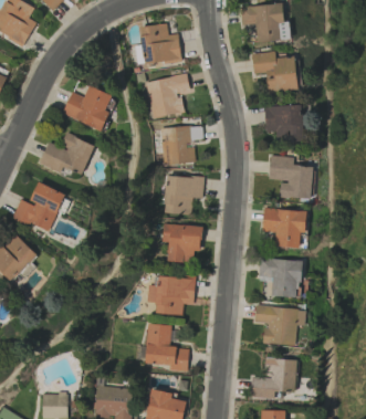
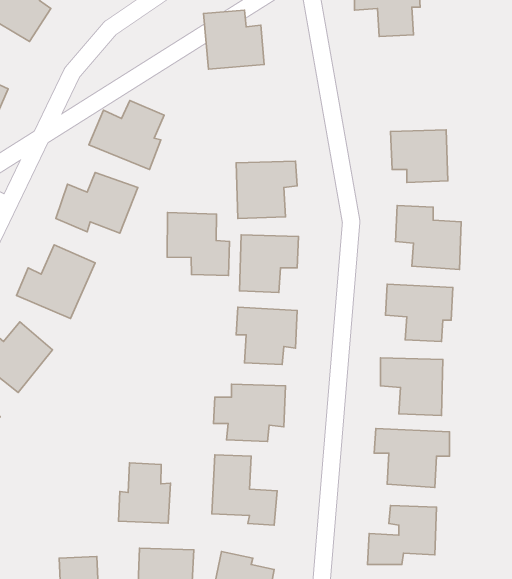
building: [252,51,299,93] -> none
building: [145,74,189,118] -> none
building: none -> [167,212,230,276]
building: none -> [119,463,170,523]

